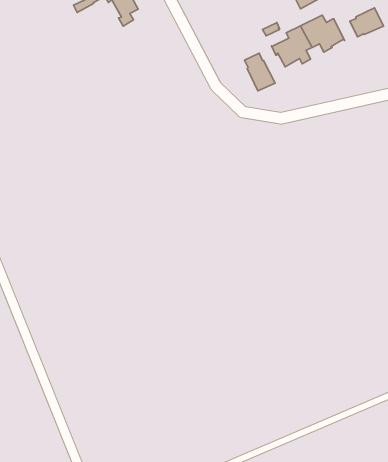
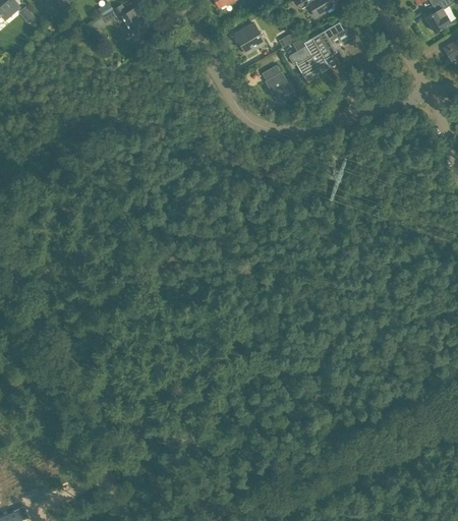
building: [350,8,384,37] -> none
building: none -> [234,22,265,54]

